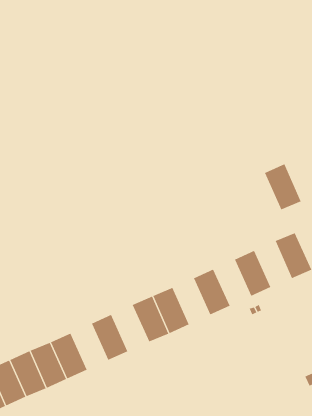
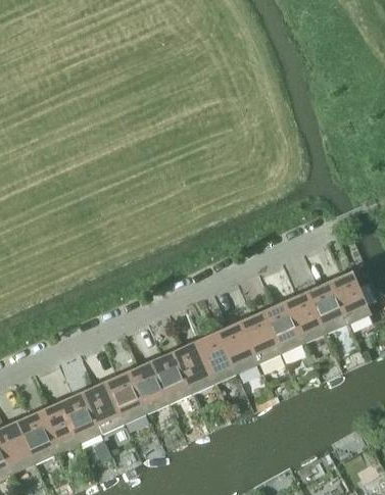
building: [264,164,301,210] -> [306,282,347,333]
building: none -> [261,302,302,353]
building: none -> [216,323,257,374]
building: none -> [149,352,190,403]
building: none -> [104,373,145,424]

